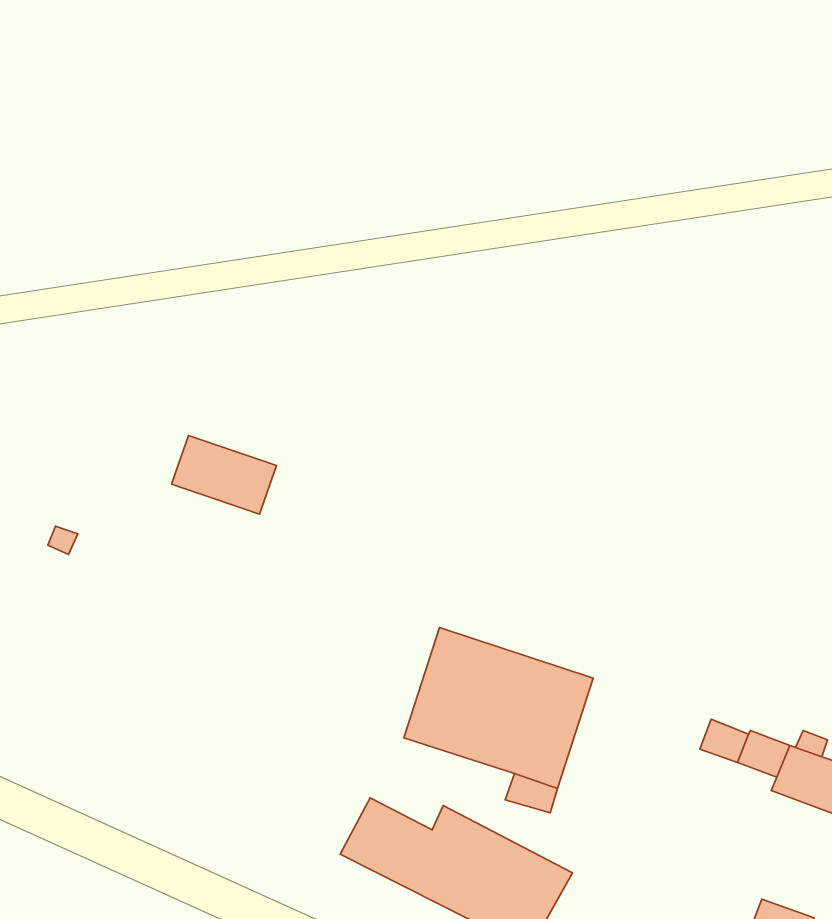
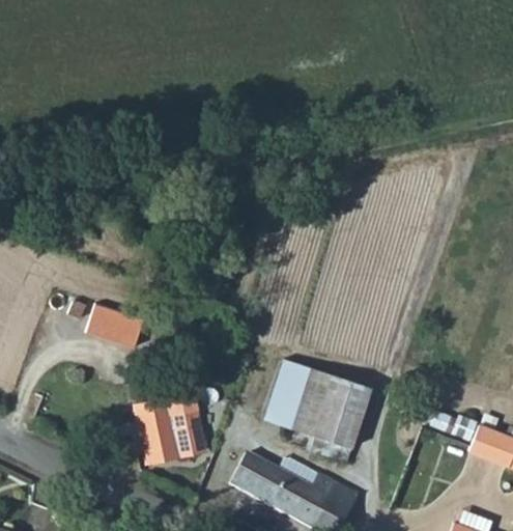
building: [172,436,276,514] -> [86,303,144,346]
building: none -> [133,393,206,465]

